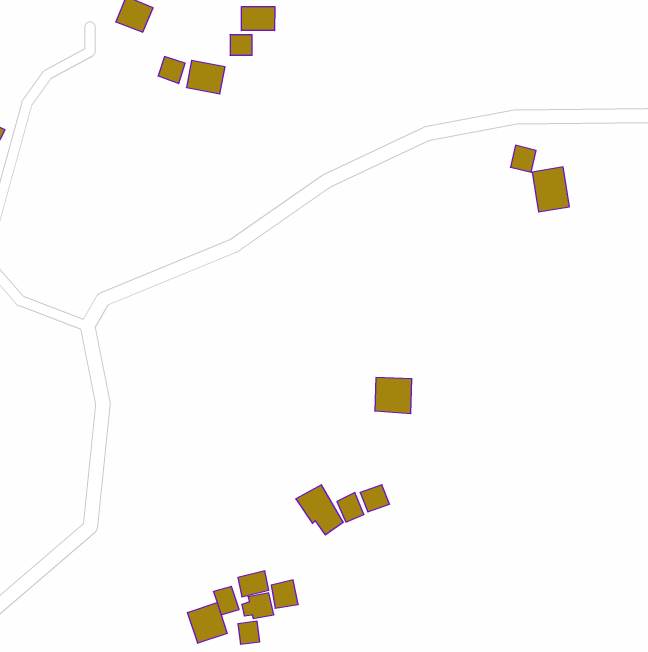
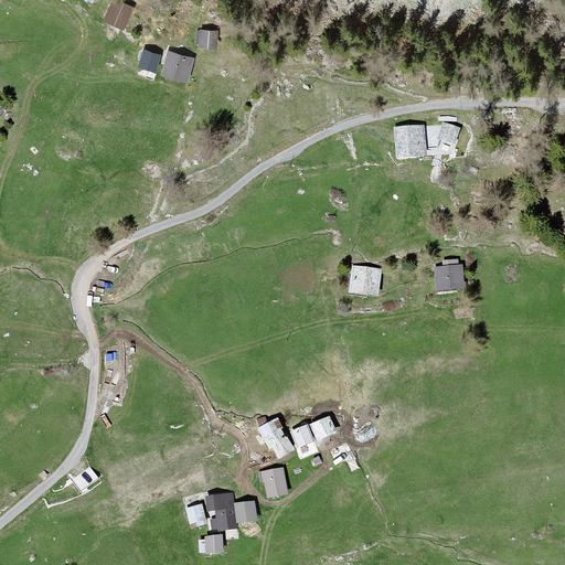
building: [241,7,275,31] -> none
building: [532,167,569,212] -> [396,126,428,164]
building: none -> [435,267,466,297]
building: [375,378,412,414] -> [350,269,382,300]
building: none -> [259,466,287,498]
building: [188,603,227,643] -> none

